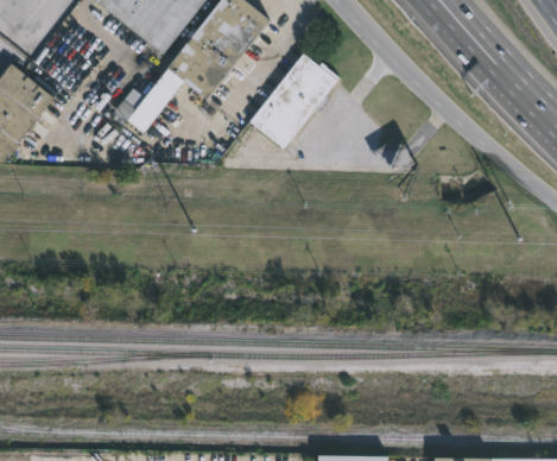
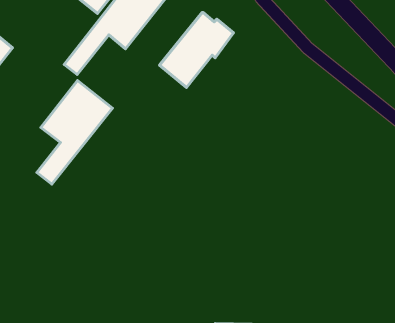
building: none -> [37,81,112,184]

